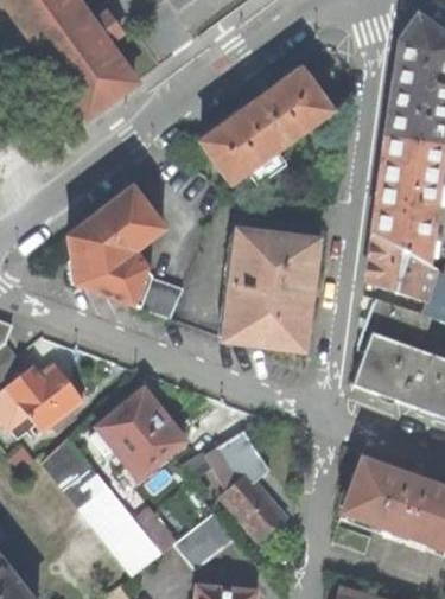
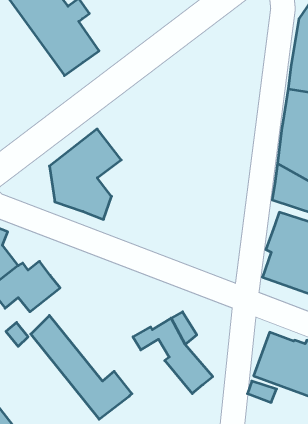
building: [202,70,330,183] -> none
building: [220,230,317,348] -> none
building: [141,276,184,318] -> none
building: [93,390,184,476] -> none
building: [176,511,235,568] -> none

